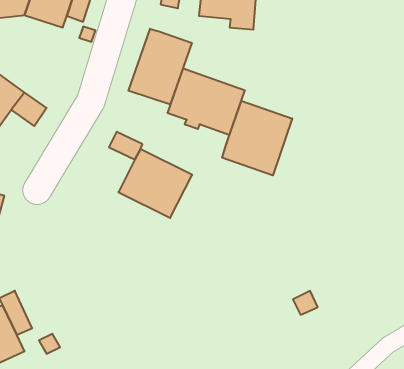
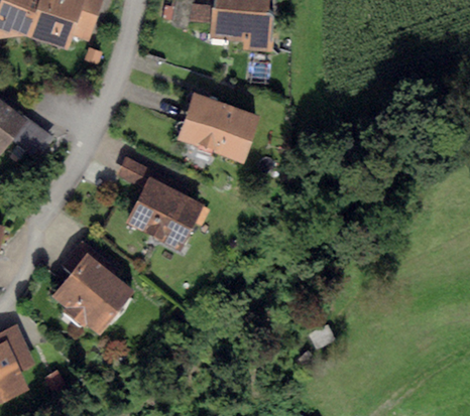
building: [128,29,192,105] -> none
building: [222,101,292,175] -> none
building: none -> [52,253,133,332]

